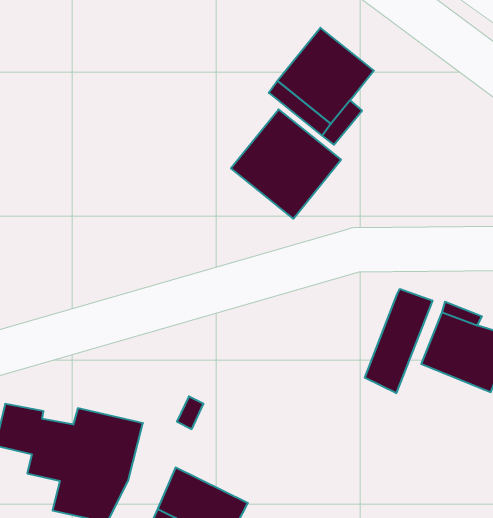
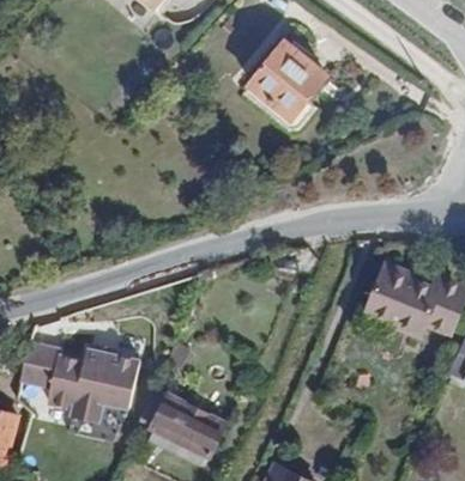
building: [231,109,341,219] -> none
building: [365,289,432,393] -> none

